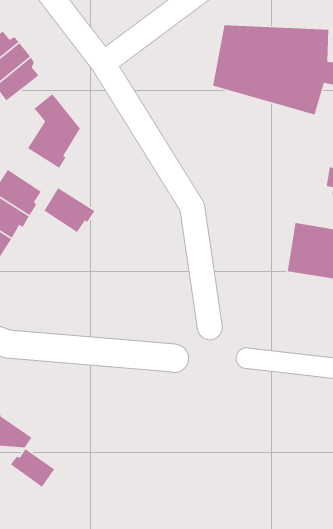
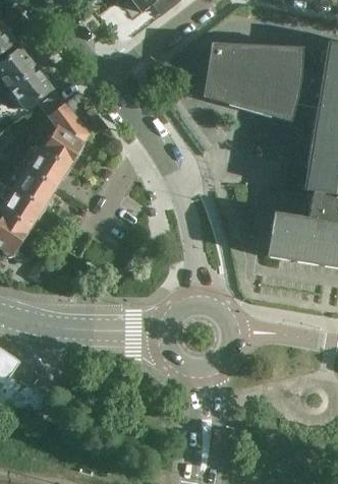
building: [44,187,96,233] -> [23,146,68,186]
building: [10,448,55,488] -> none

